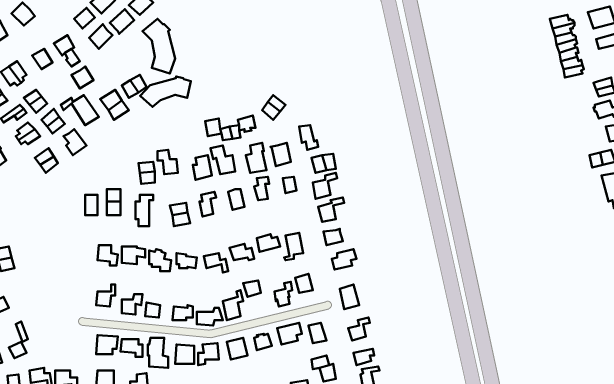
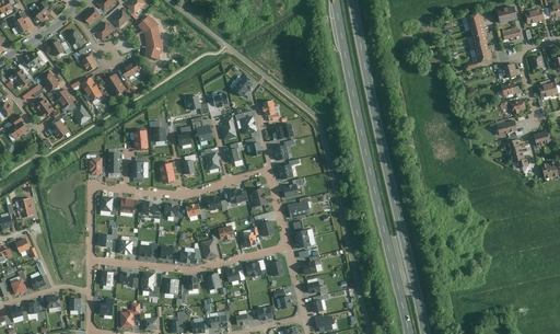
building: [140,77,191,107] -> none

